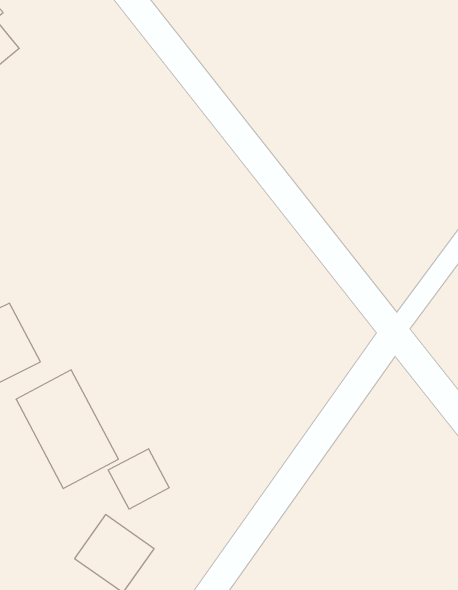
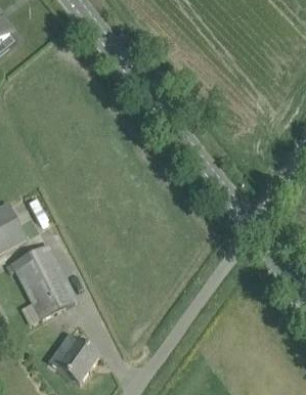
building: [108,449,169,509] -> none

